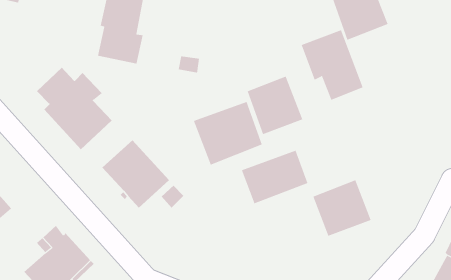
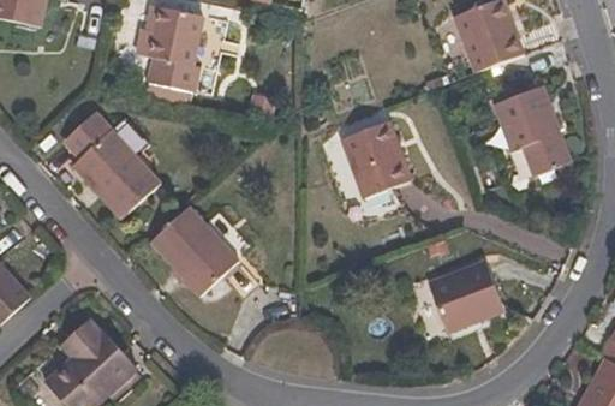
building: [301,30,363,100] -> [491,83,574,177]
building: [193,101,263,166] -> none
building: [241,150,308,204] -> none

